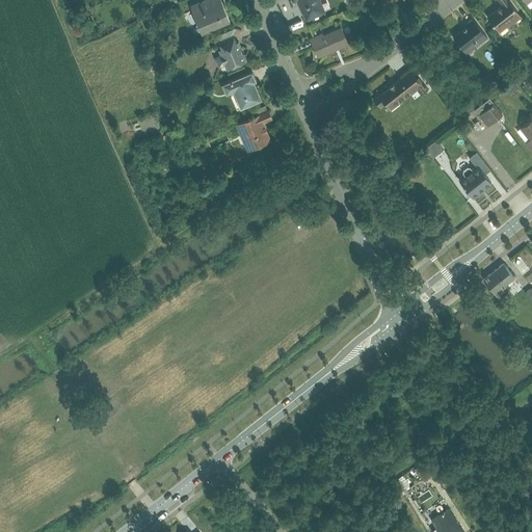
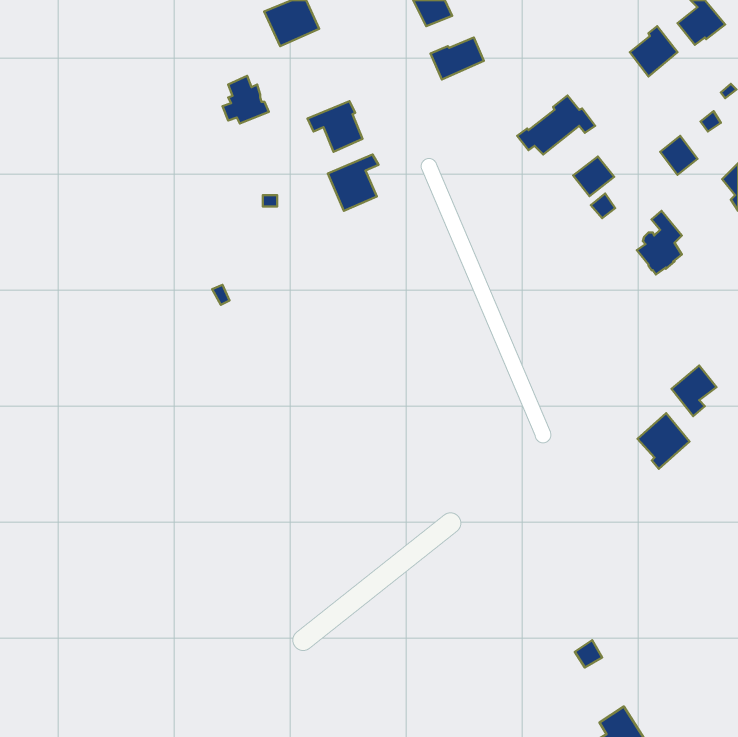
building: [214,36,247,71] -> [222,76,269,123]
building: none -> [573,156,614,196]
building: none -> [638,413,690,469]

